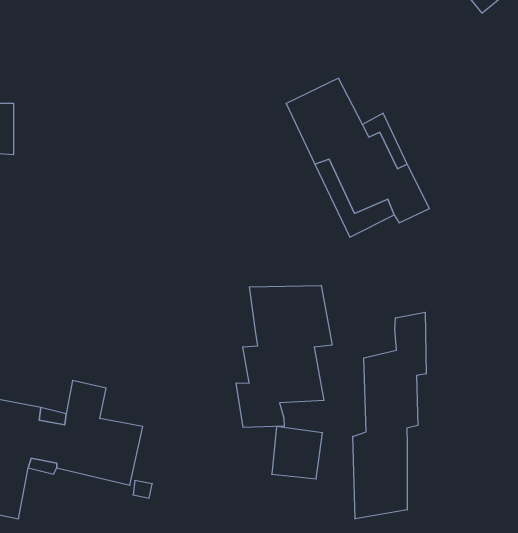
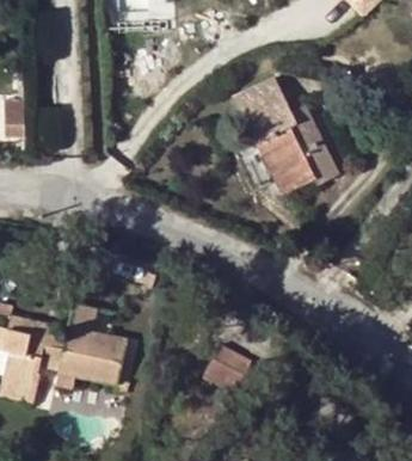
building: [236,285,332,427] -> none
building: [353,312,426,519] -> none

